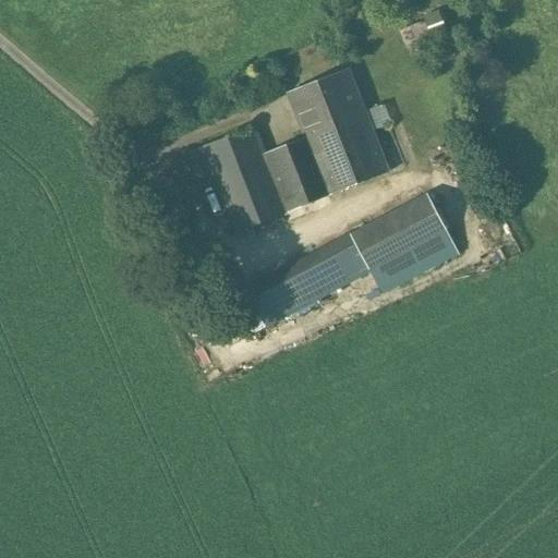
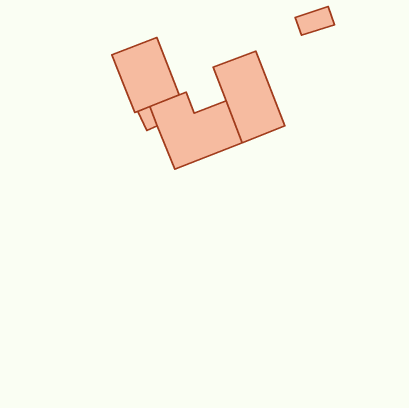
building: none -> [112,38,179,113]
building: [229,194,457,333] -> none

